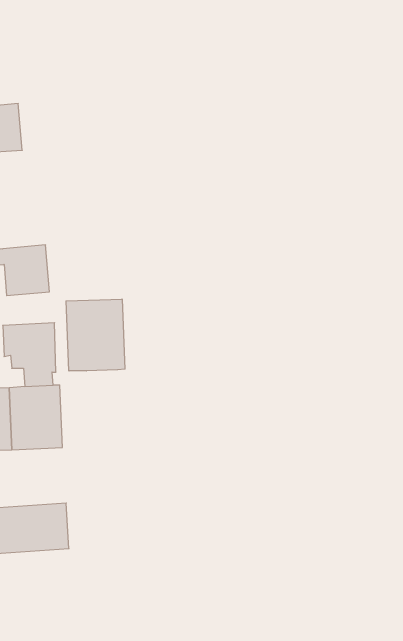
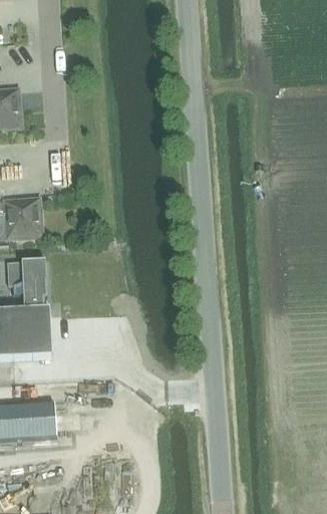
building: [66,299,125,371] -> none

